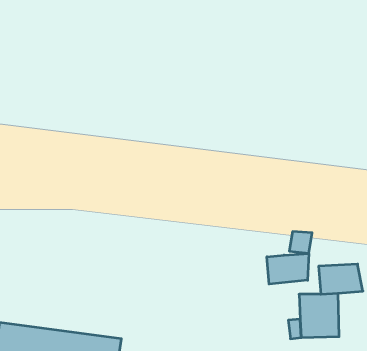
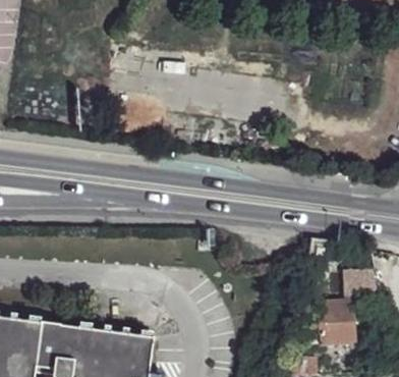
building: [267,254,309,284] -> none

